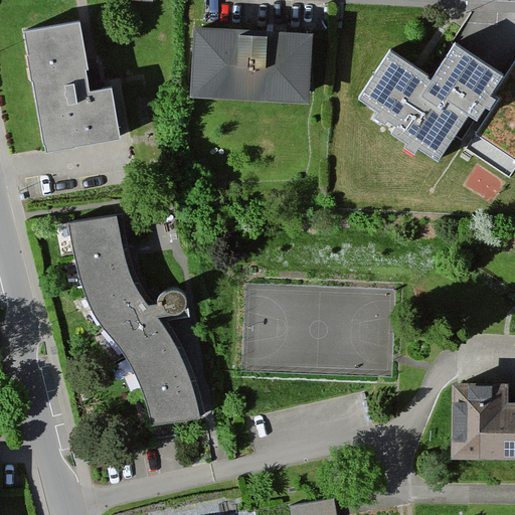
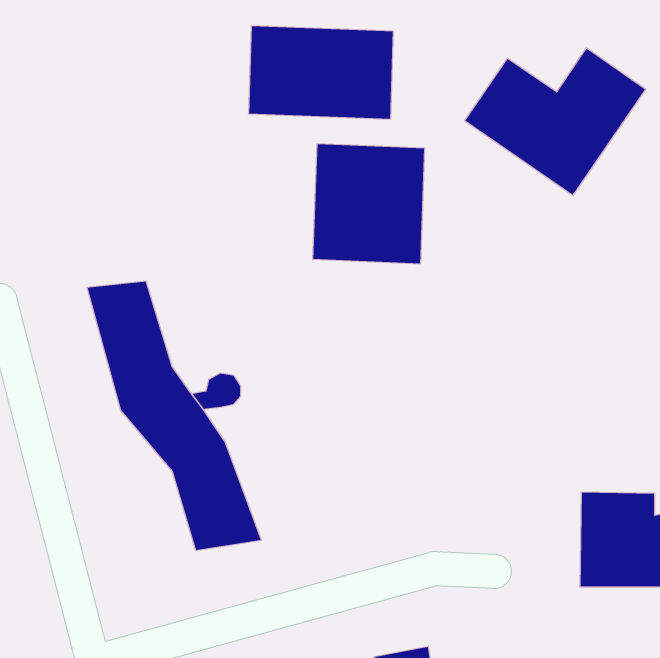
building: [19,19,120,157] -> none
building: none -> [313,144,425,264]

